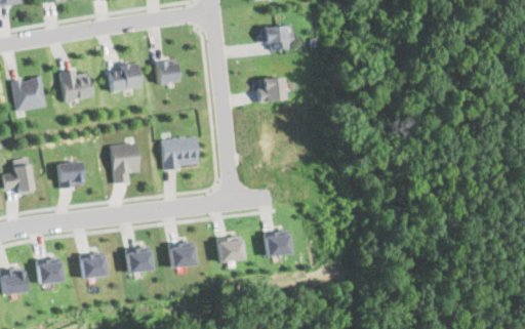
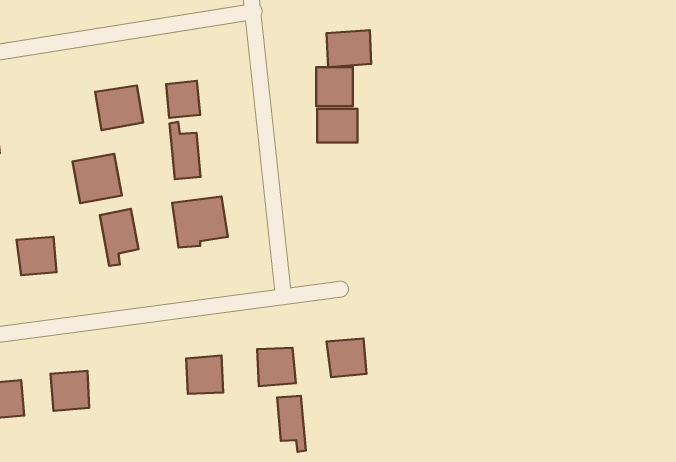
building: none -> [316,67,353,106]
building: [62,69,94,101] -> [73,154,122,203]
building: none -> [169,122,200,179]
building: [126,247,153,274] -> none
building: none -> [277,396,306,452]

